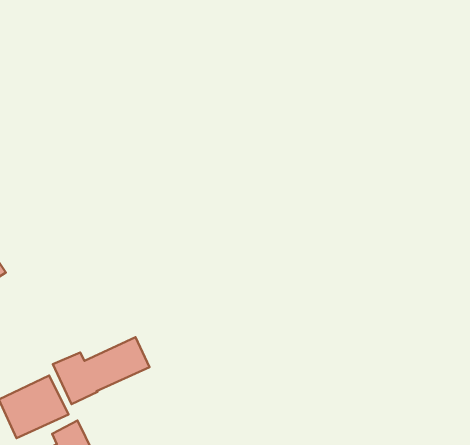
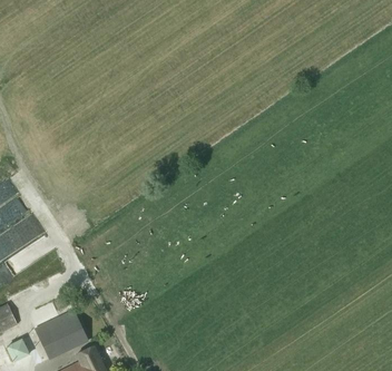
building: [53,337,149,404] -> none

